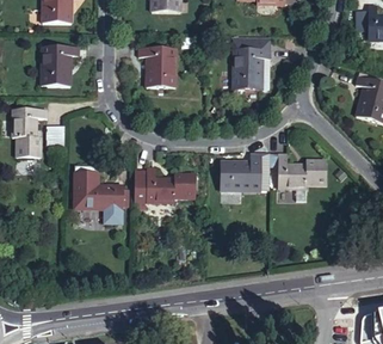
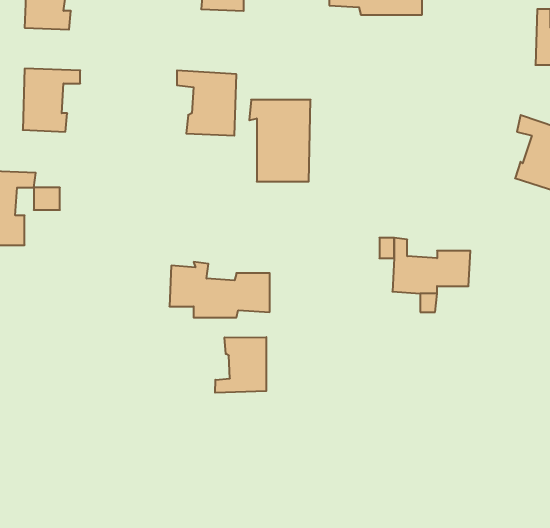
building: [227,36,266,88] -> [249,100,311,182]
building: [221,154,262,191] -> none
building: [78,161,125,204] -> none
building: none -> [215,337,266,393]

